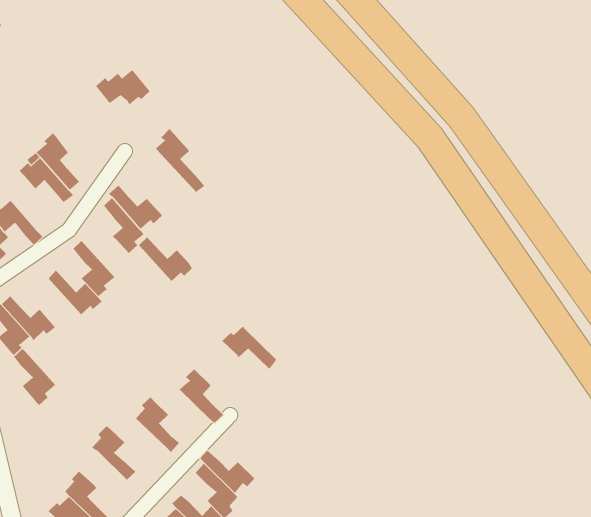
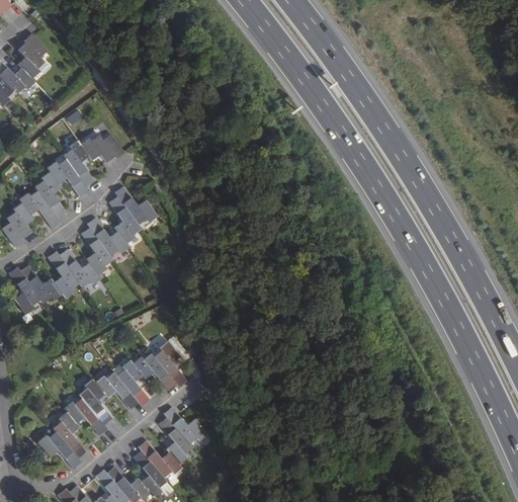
building: [95,69,150,105] -> [80,134,123,162]
building: [155,128,205,193] -> none
building: none -> [34,171,65,218]
building: [138,236,193,282] -> [87,218,128,256]
building: [222,326,277,370] -> [134,352,176,390]
building: [13,348,56,406] -> [49,251,80,299]
building: none -> [96,370,139,407]
building: none -> [65,397,107,433]

